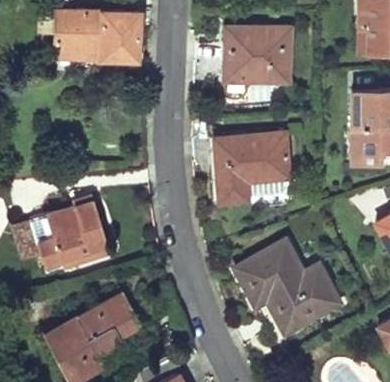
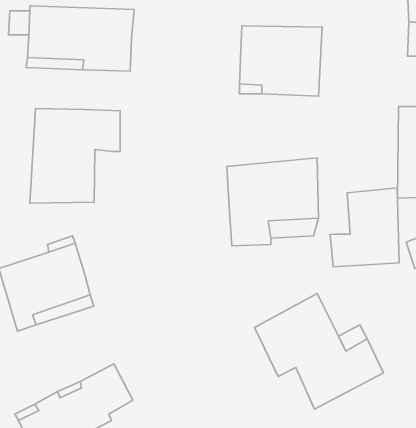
building: none -> [30,109,120,203]
building: none -> [330,188,399,267]

